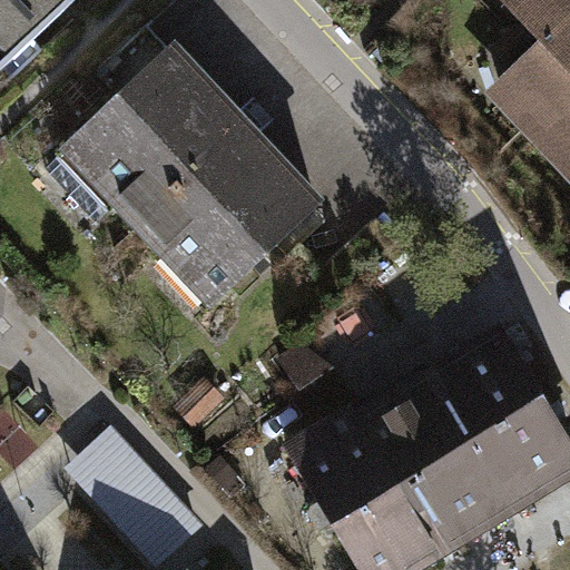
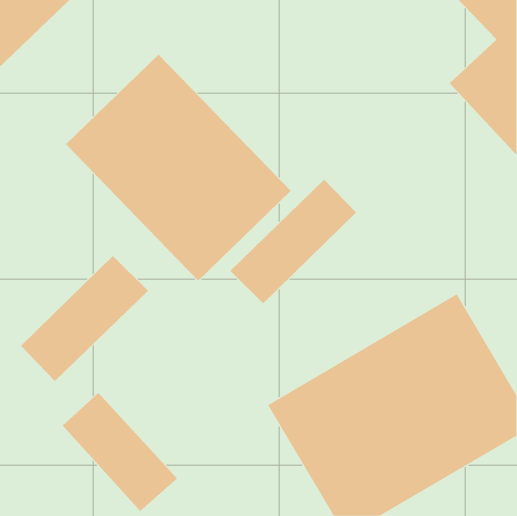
building: none -> [230,179,357,304]
building: none -> [20,255,149,382]

